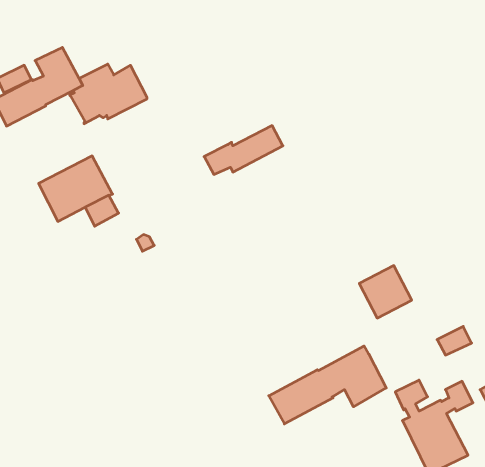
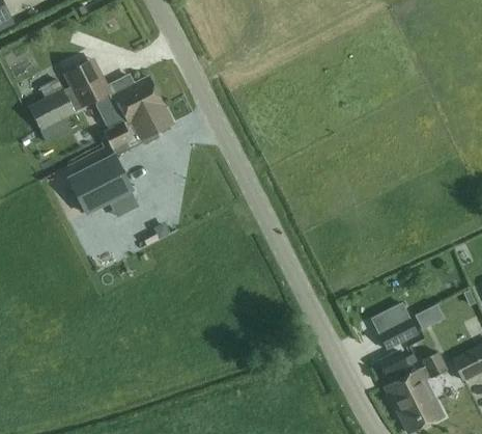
building: [204,126,283,174] -> [104,105,172,147]
building: [359,266,412,318] -> [371,302,417,348]
building: [269,346,386,424] -> none

